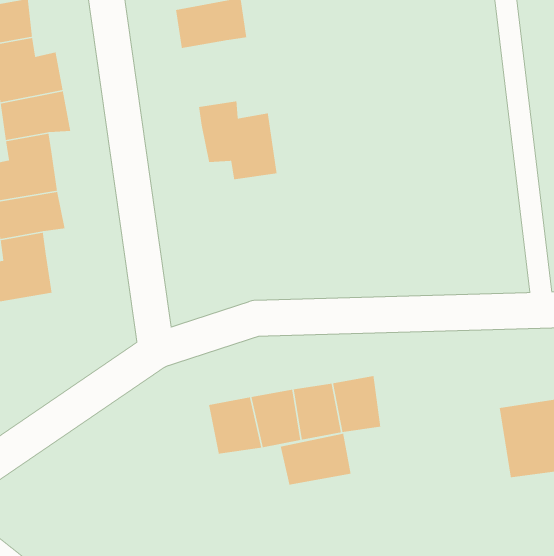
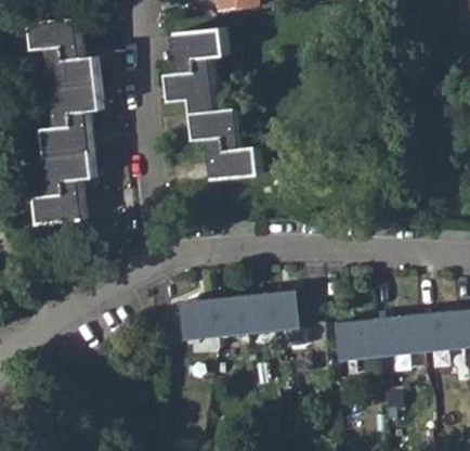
building: none -> [165,56,213,102]
building: none -> [207,147,256,179]
building: none -> [336,320,380,359]
building: [280,433,352,486] -> none

